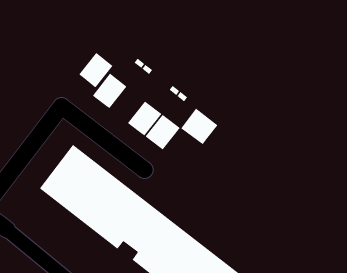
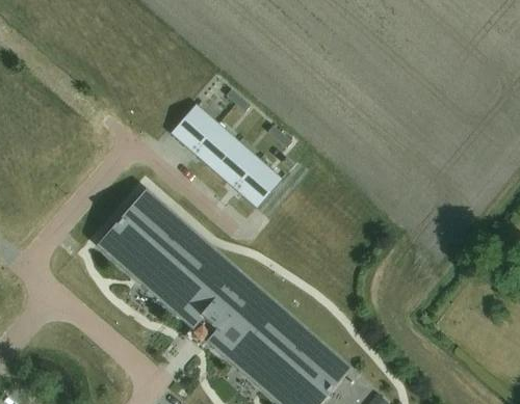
building: [78,52,114,88] -> [192,124,237,169]
building: [180,107,218,145] -> none

